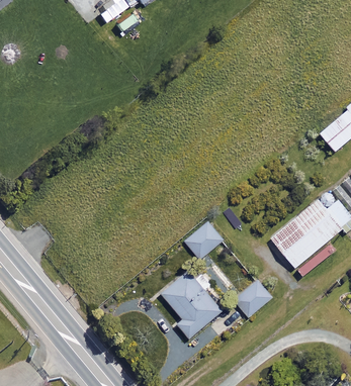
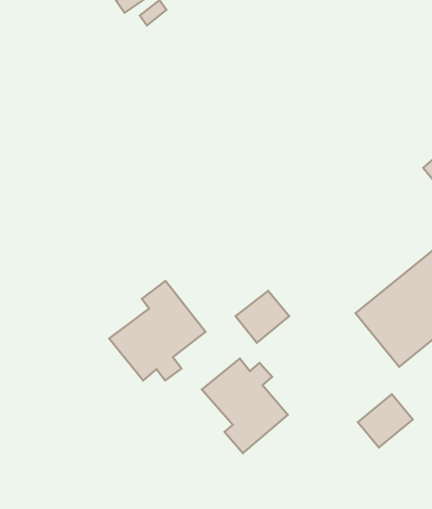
building: none -> [109,281,206,381]
building: [233,279,272,317] -> [358,394,413,448]

